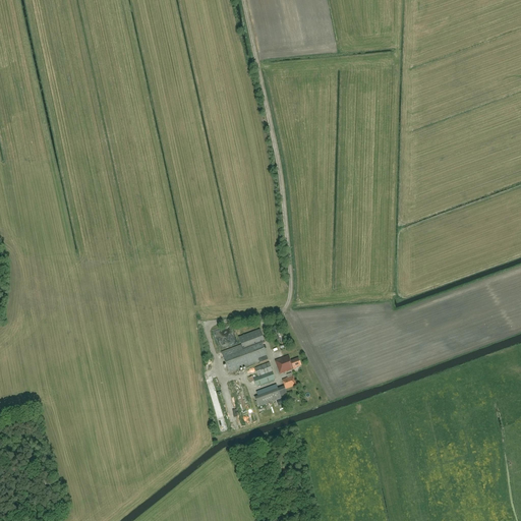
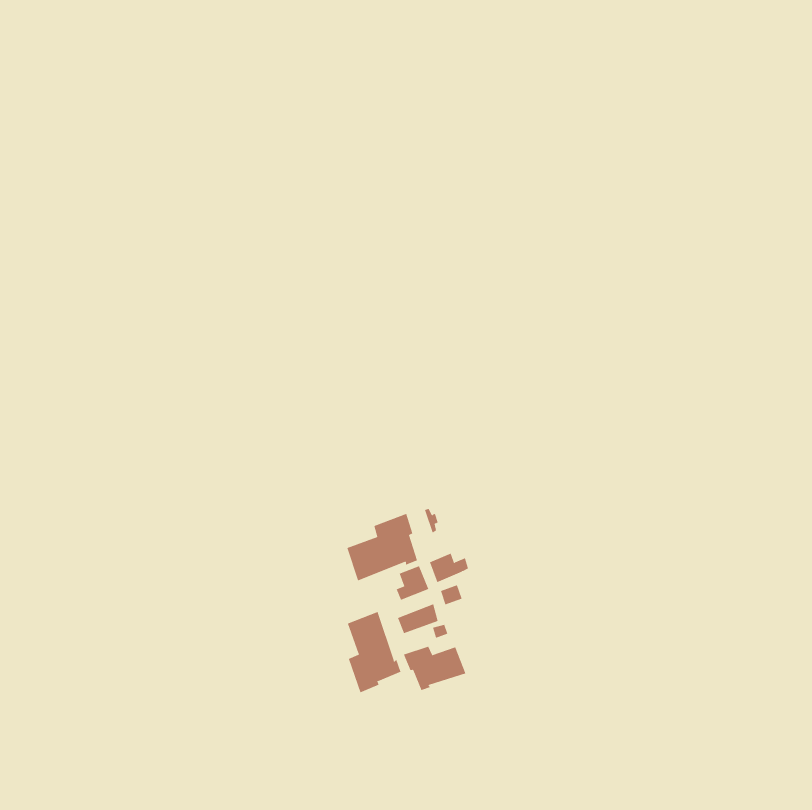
building: none -> [347,611,401,693]
building: none -> [403,646,466,691]

